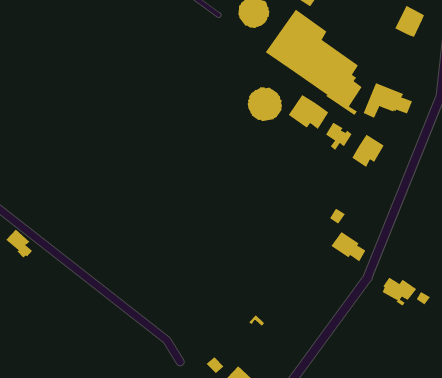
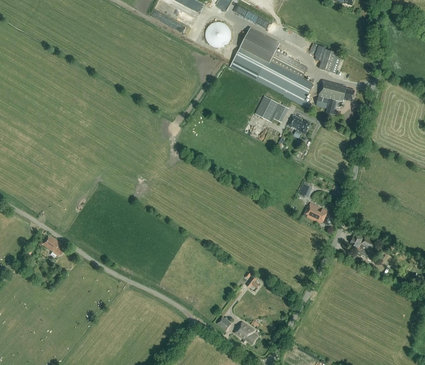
building: [394,5,425,37] -> [318,48,341,73]
building: [247,86,283,122] -> none
building: [352,134,385,168] -> none

